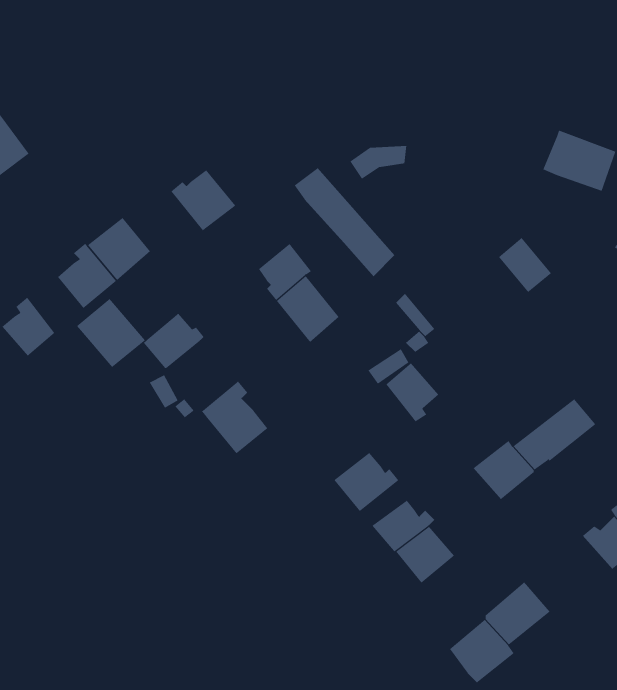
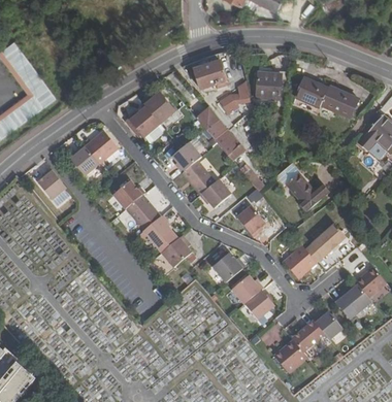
building: none -> [193,61,226,90]
building: none -> [256,73,281,101]
building: none -> [296,79,327,106]
building: none -> [141,91,176,124]
building: [498,237,552,293] -> [286,174,314,203]
building: [76,298,146,368] -> [125,194,161,230]
building: none -> [199,179,230,210]
building: none -> [162,237,190,268]
building: none -> [311,311,340,338]

